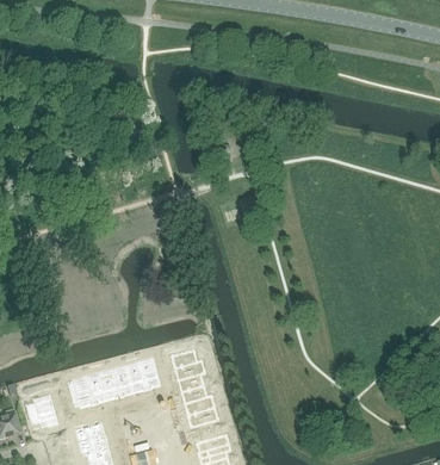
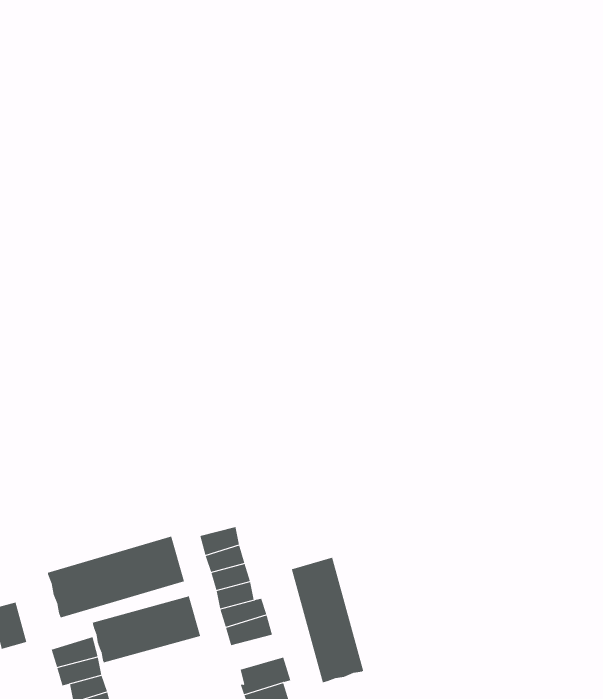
building: none -> [291,557,364,683]
building: none -> [92,596,201,663]

